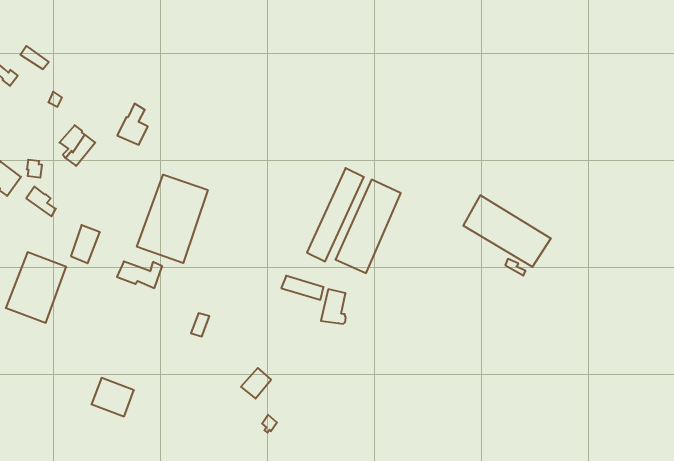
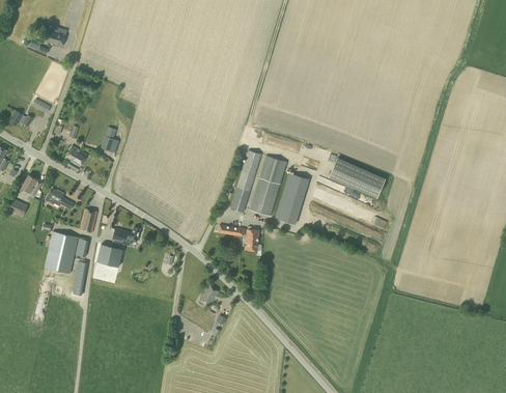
building: [137,175,208,263] -> none
building: none -> [275,173,308,224]
building: [91,378,134,416] -> [95,245,121,268]

